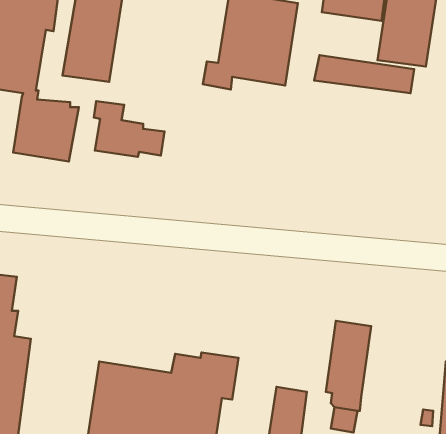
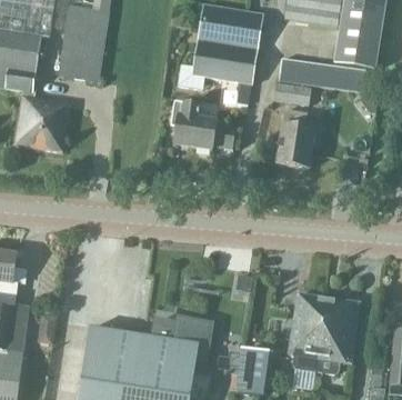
building: none -> [274,80,312,103]
building: [94,101,165,157] -> [172,100,234,149]
building: none -> [277,107,315,168]
building: none -> [318,294,361,372]

